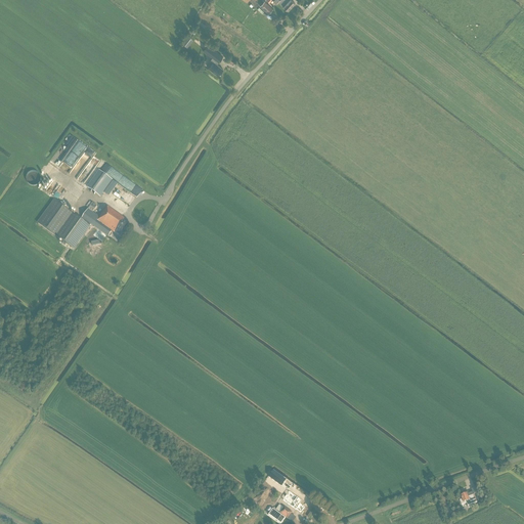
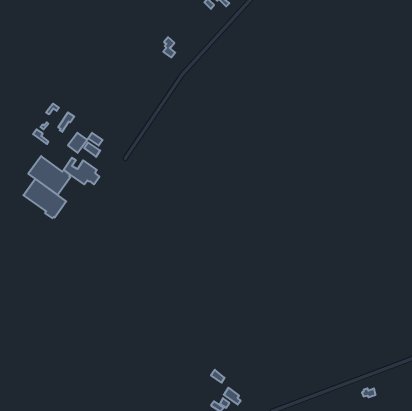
building: none -> [23,179,66,218]

